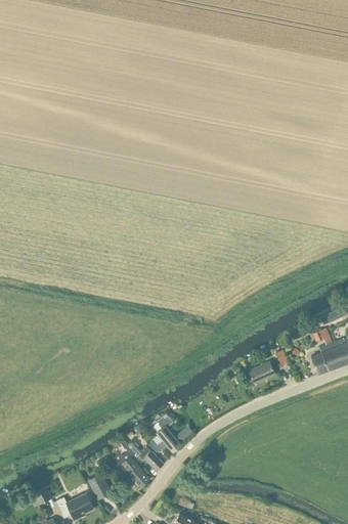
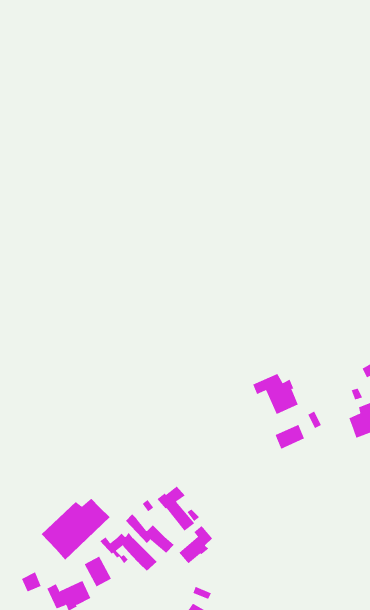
building: none -> [252,373,299,415]
building: none -> [41,498,110,561]
building: none -> [178,525,213,564]

